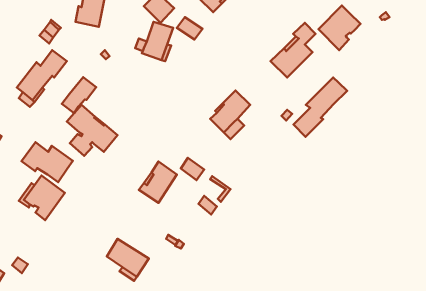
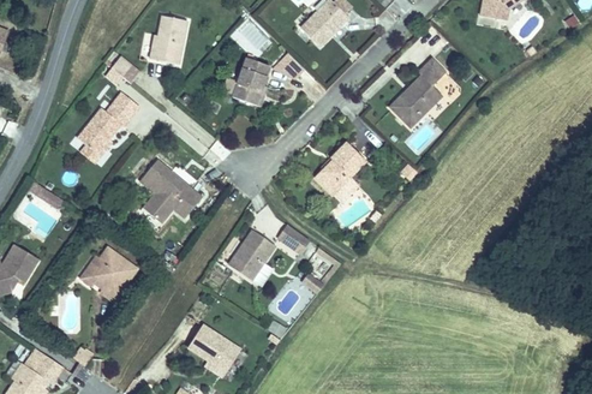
building: [319,5,360,50] -> none
building: [62,77,96,113] -> none
building: [293,78,347,137] -> none
building: [22,142,73,182] -> none

